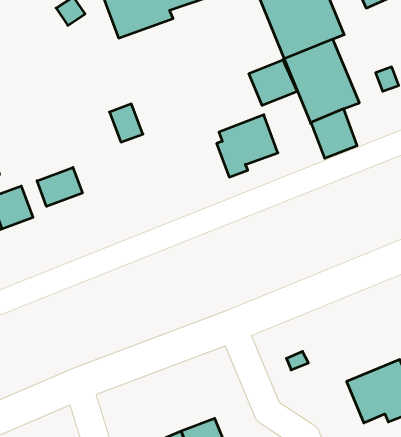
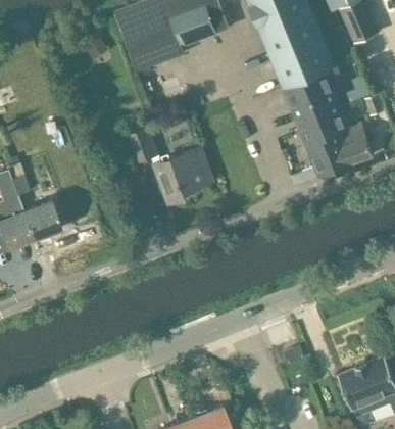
building: [249,60,298,105] -> none
building: none -> [336,124,374,165]
building: [217,115,278,177] -> [159,148,213,203]
building: [37,167,82,206] -> none

